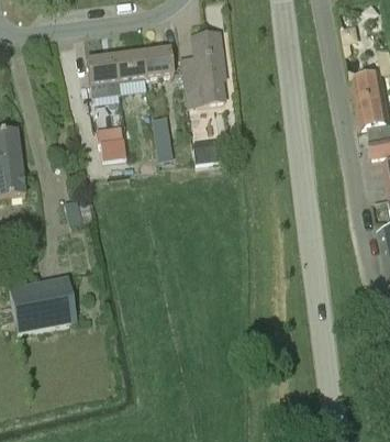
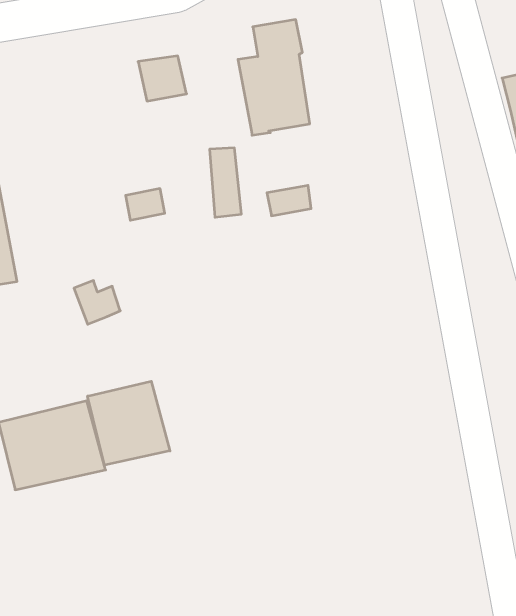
building: [138,46,172,76] -> none
building: [85,53,121,110] -> none
building: none -> [88,381,170,465]

